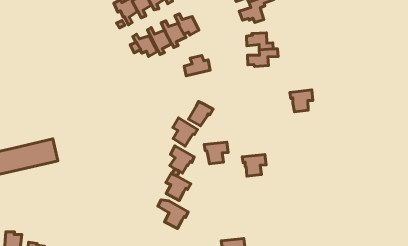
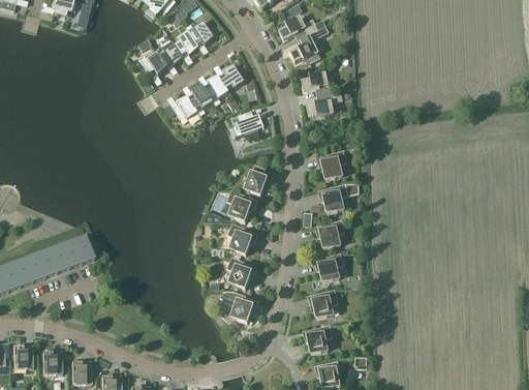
building: [290,90,313,112] -> [317,151,346,180]
building: [204,142,228,164] -> [318,184,348,213]
building: none -> [314,253,343,282]
building: none -> [308,290,338,319]

